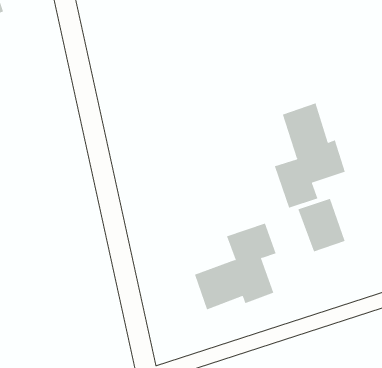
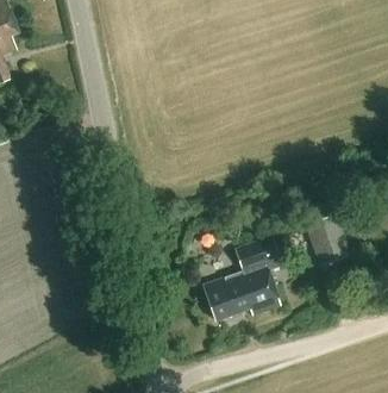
building: [274,103,345,209] -> none

